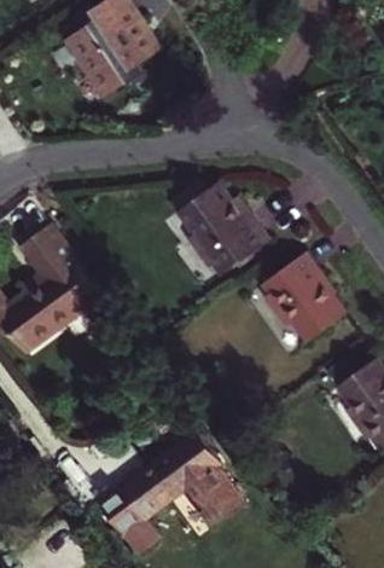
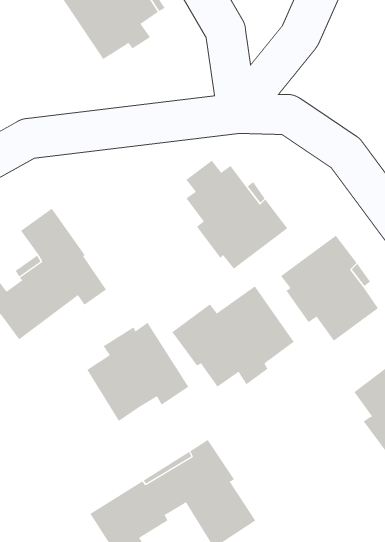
building: none -> [171,285,294,387]
building: none -> [86,322,189,422]

